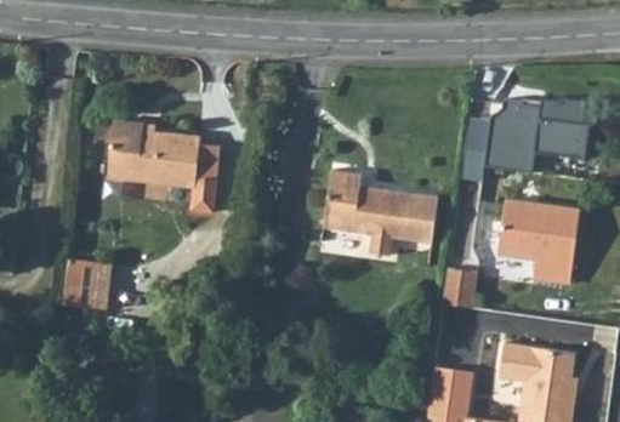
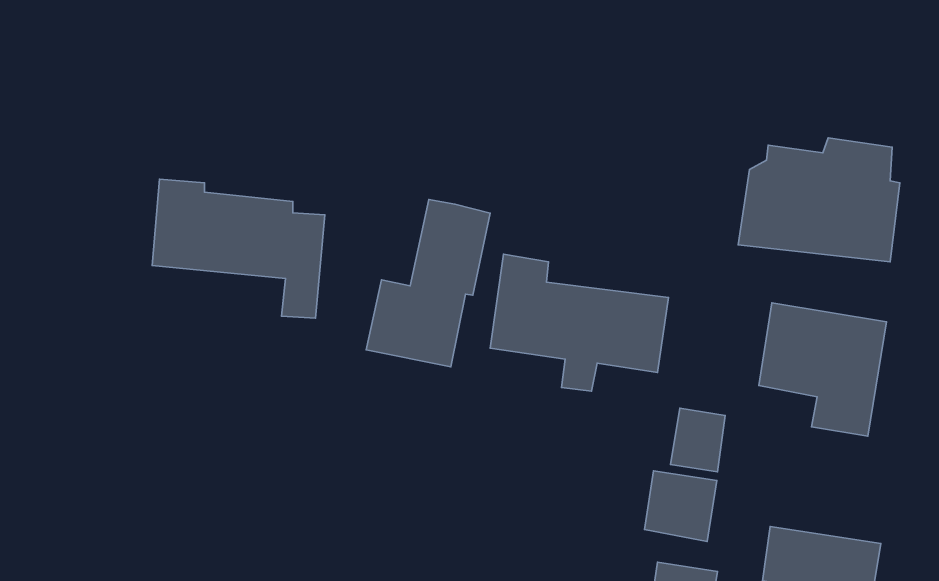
building: none -> [366,199,490,367]
building: [61,274,106,307] -> none
building: none -> [644,471,717,541]

